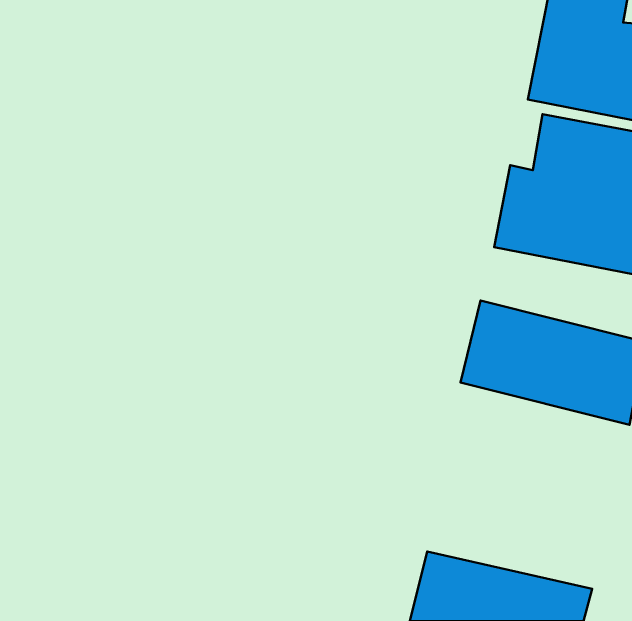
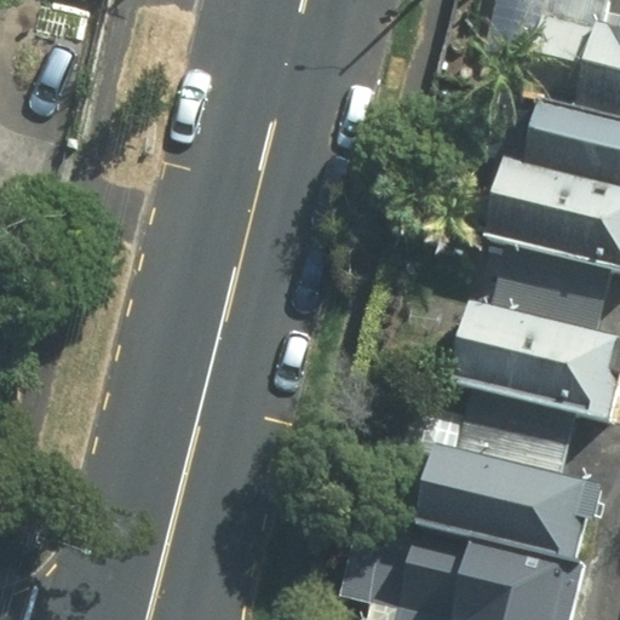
building: none -> [414,444,598,552]

